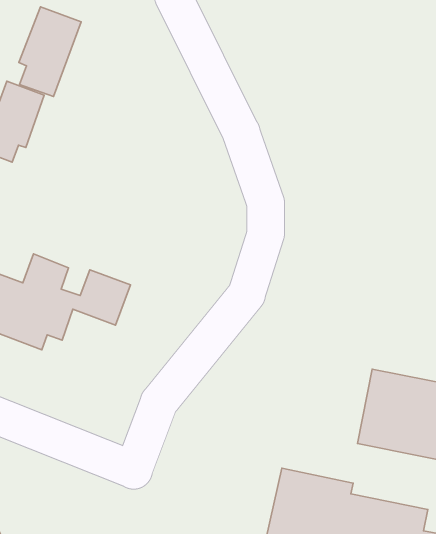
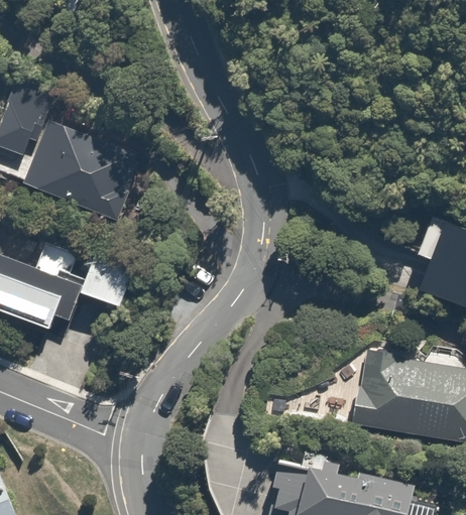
building: [19,7,81,97] -> none
building: none -> [23,123,134,222]

